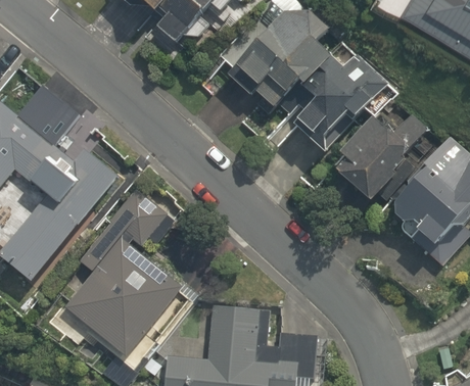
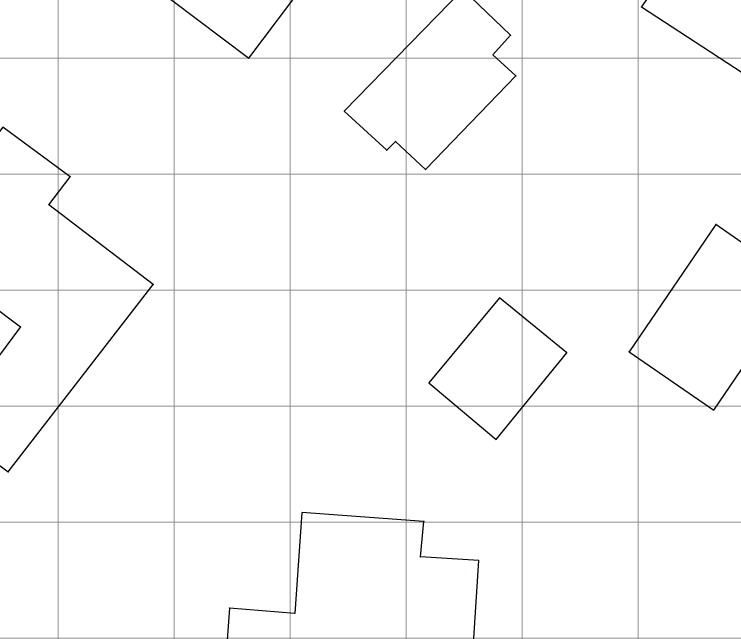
building: [302,60,381,139] -> none
building: [338,119,418,201] -> [429,298,567,439]
building: [61,197,189,359] -> none

